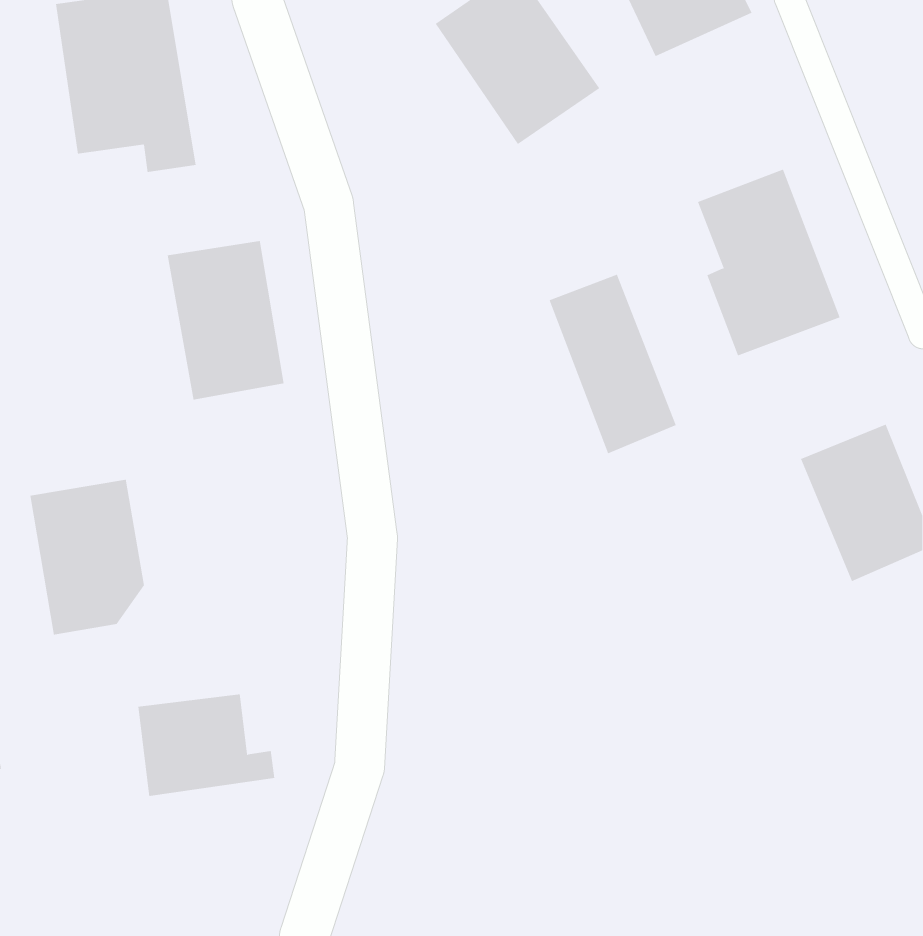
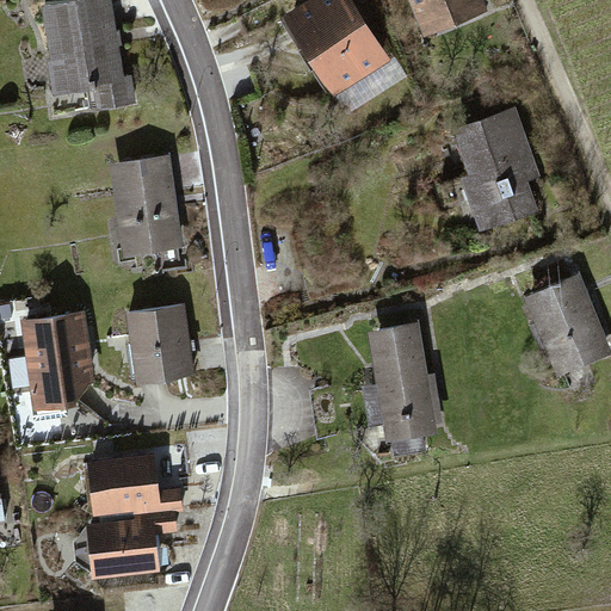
building: [549,274,676,454] -> none
building: none -> [124,304,192,385]
building: none -> [360,317,443,444]
building: none -> [86,512,174,578]

